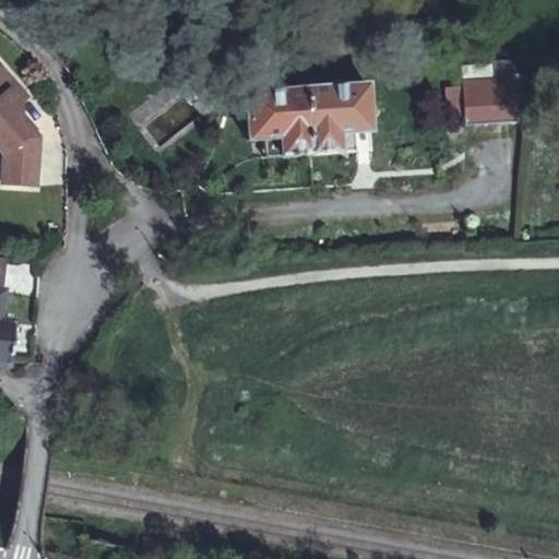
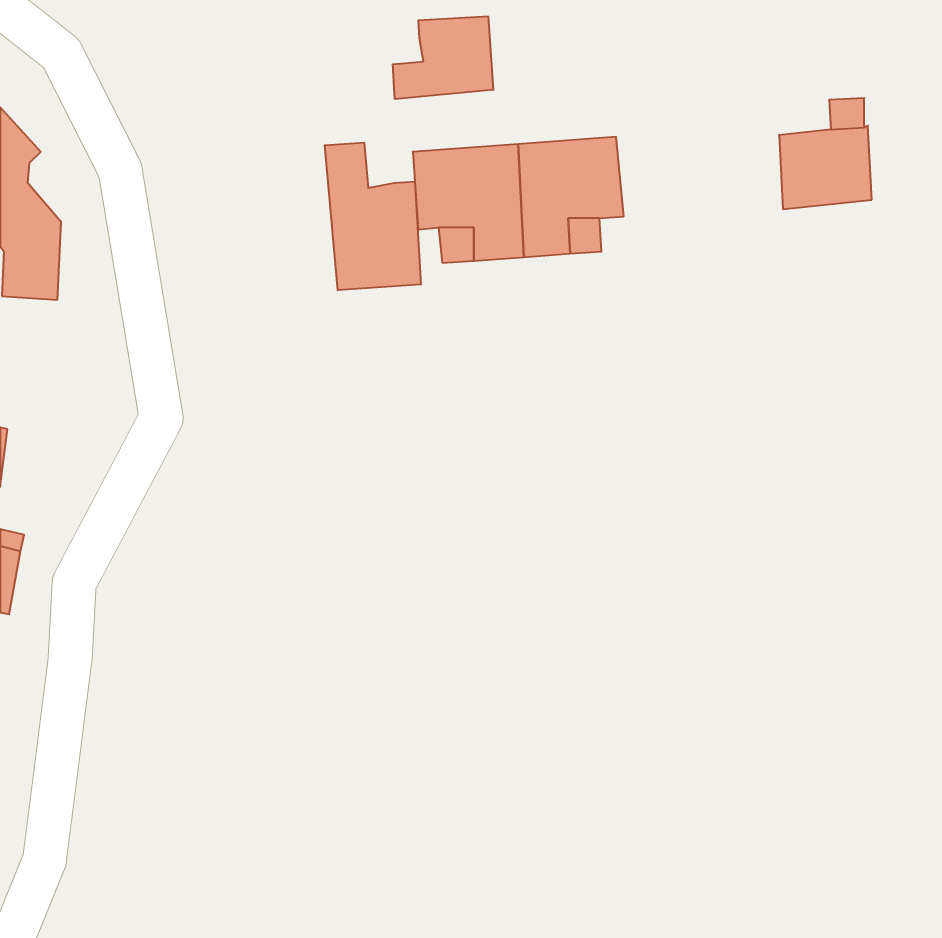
building: none -> [393,16,493,99]
building: none -> [325,143,421,290]

